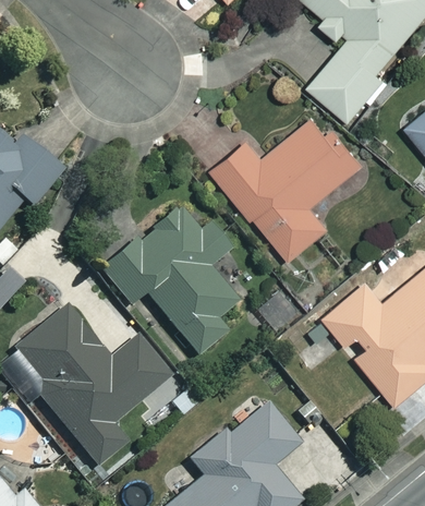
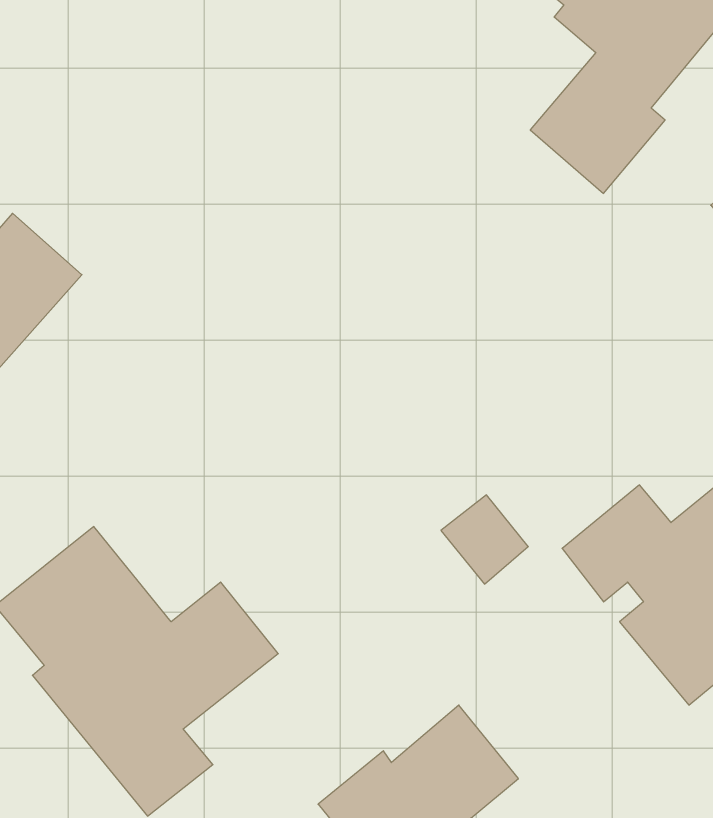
building: [212,112,362,260] -> none
building: [105,208,239,352] -> none

